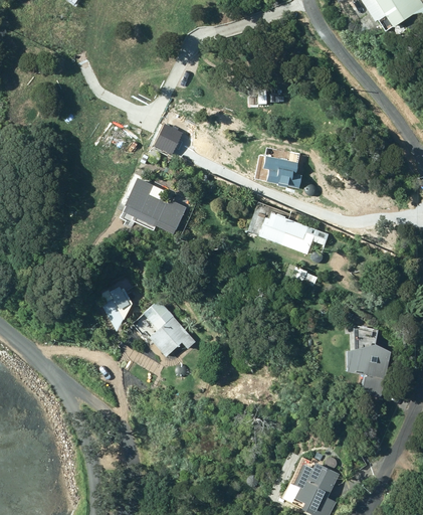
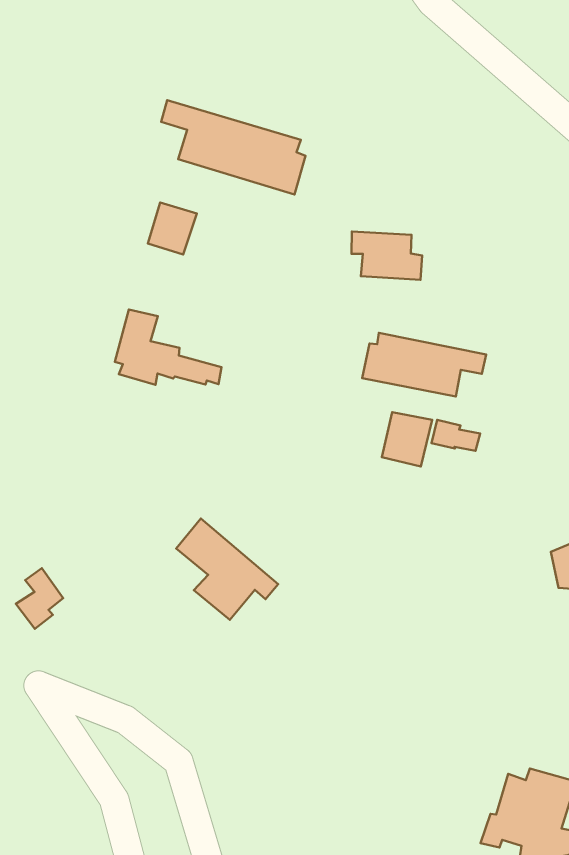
building: none -> [161,100,305,194]
building: none -> [382,412,432,466]
building: [102,286,129,318] -> [16,568,63,629]

